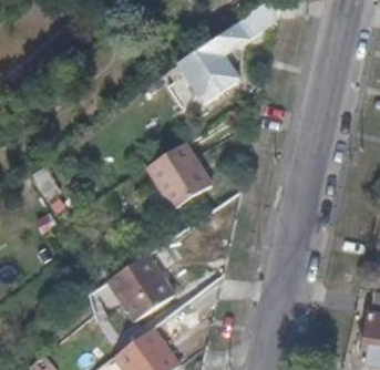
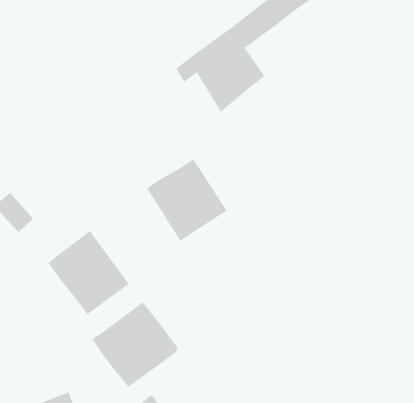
building: none -> [47,230,130,315]

